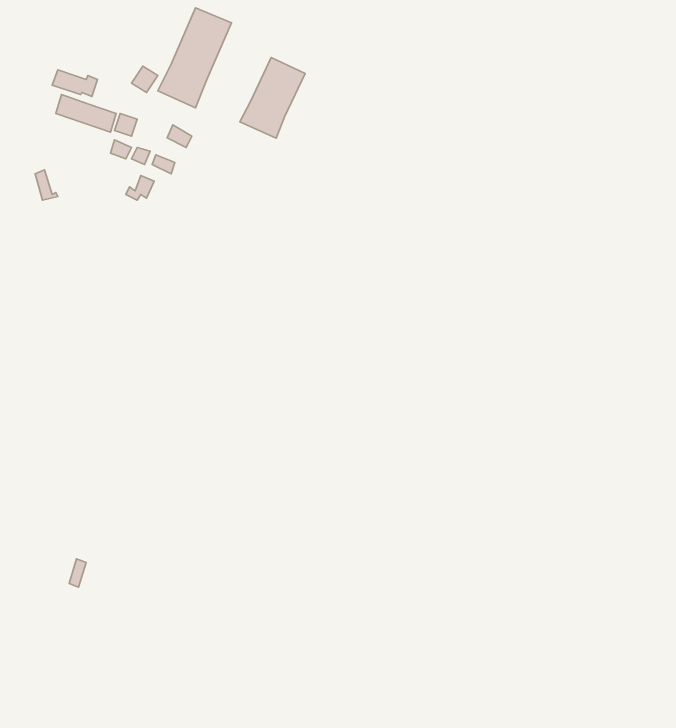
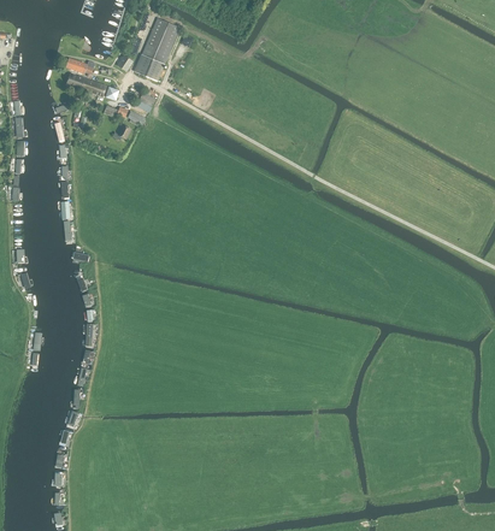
building: [240,57,305,138] -> none

